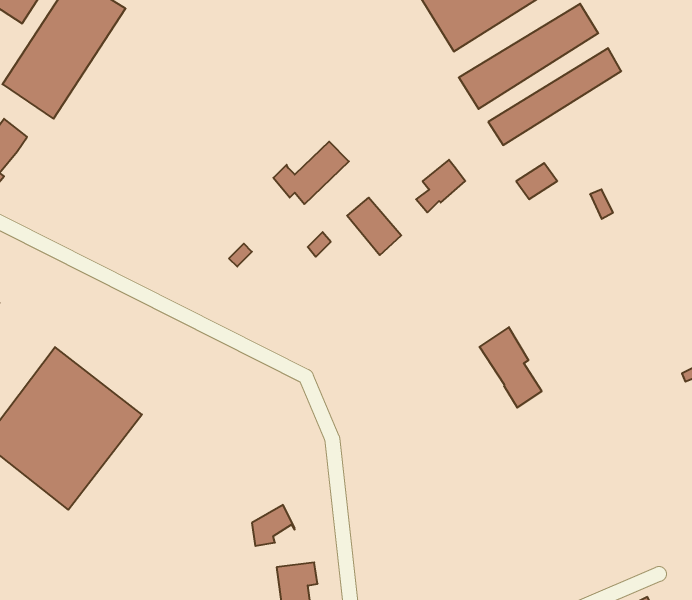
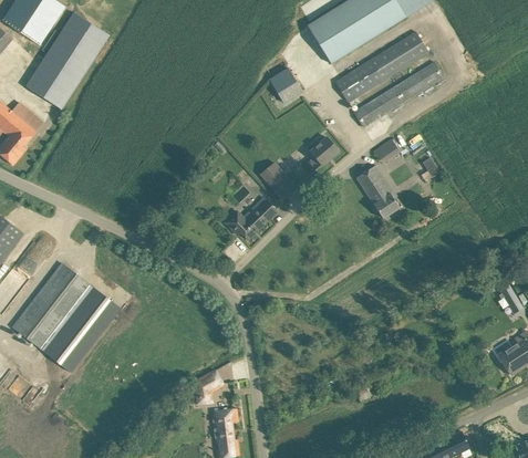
building: none -> [269,67,302,102]
building: [273,142,349,204] -> [227,197,278,239]
building: [479,327,542,408] -> [358,164,400,218]

